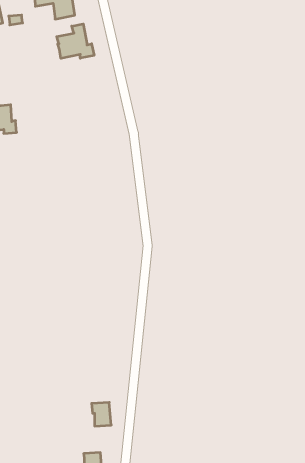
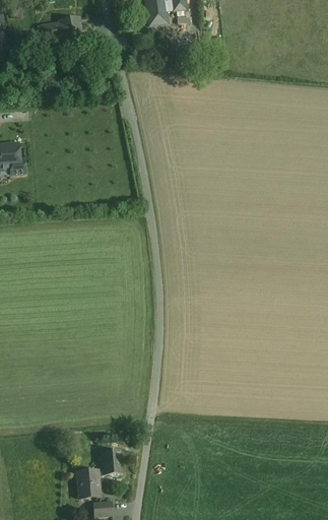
building: [57,24,94,58] -> none
building: none -> [76,470,99,498]

